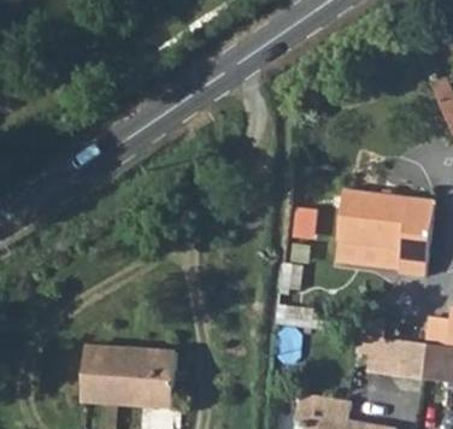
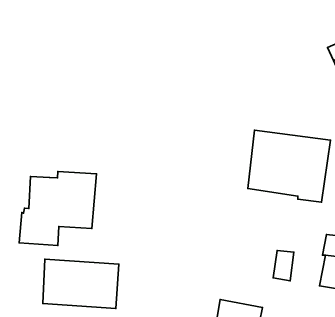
building: none -> [19,171,96,246]
building: [386,336,429,377] -> none

